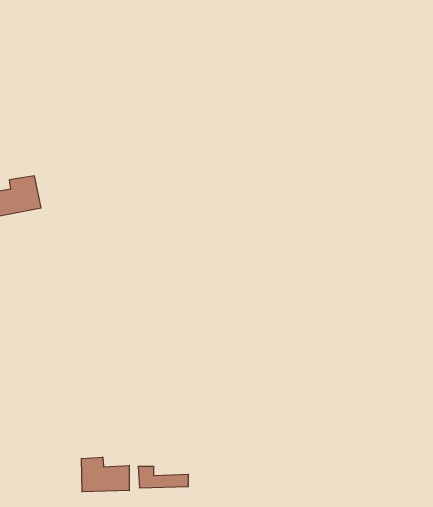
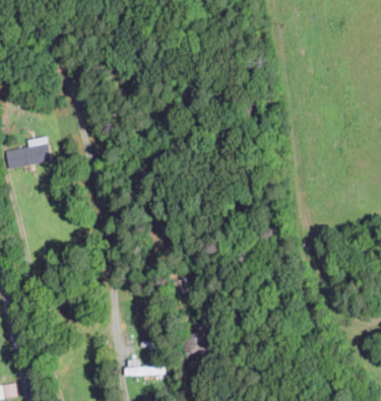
building: [82,457,129,492] -> none

